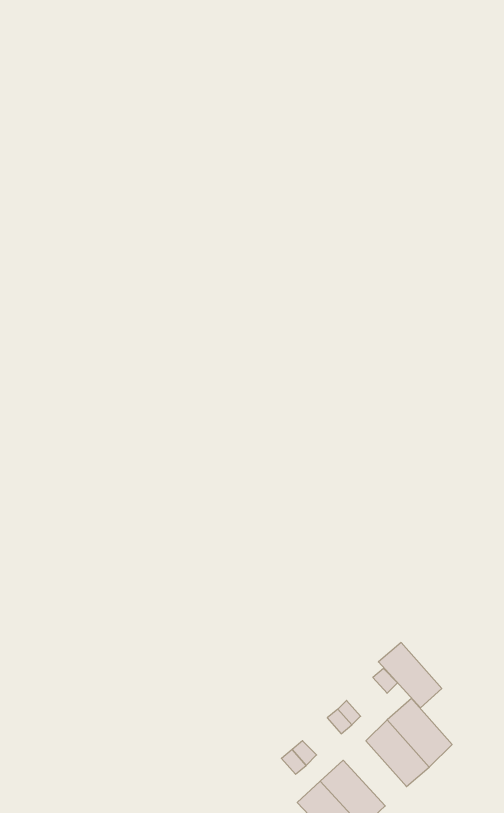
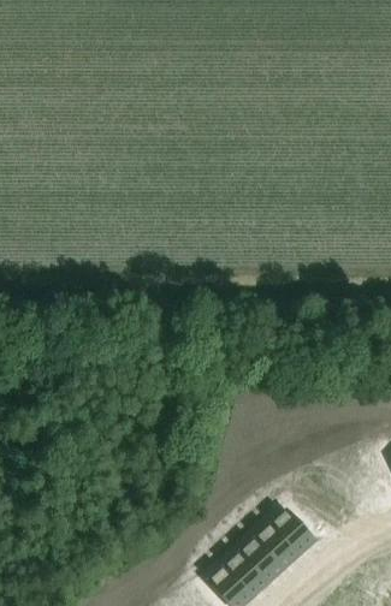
building: [378,643,442,708] -> [243,537,286,582]

